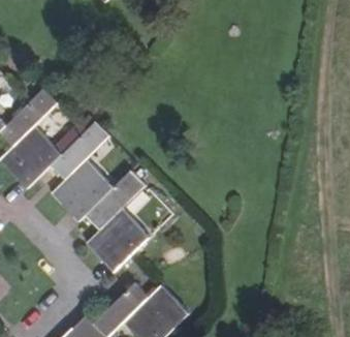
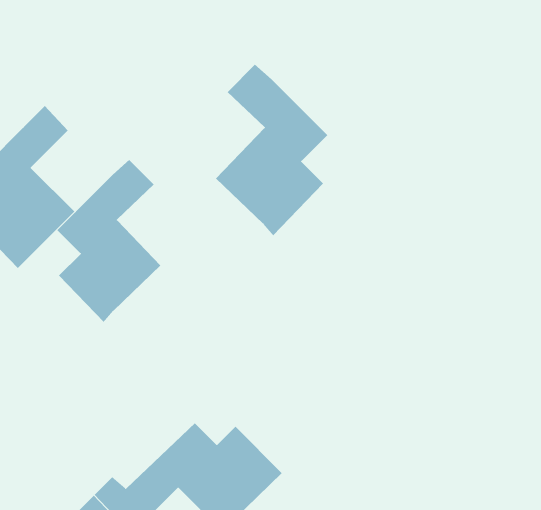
building: none -> [215,64,328,236]
building: [85,171,147,271] -> none

